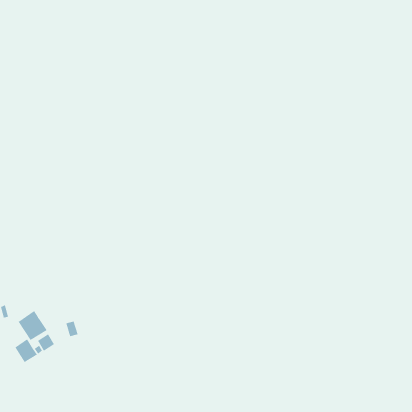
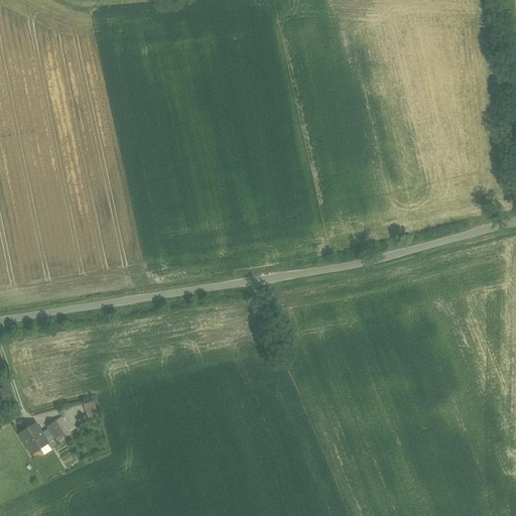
building: [18,310,47,341] -> none

